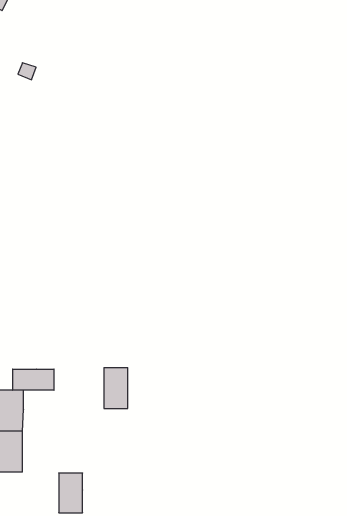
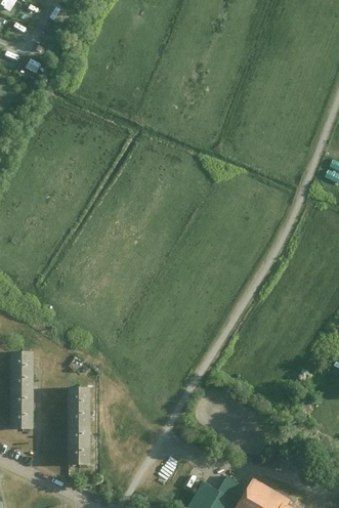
building: [104,368,128,408] -> [67,391,88,428]
building: [13,369,54,390] -> none

